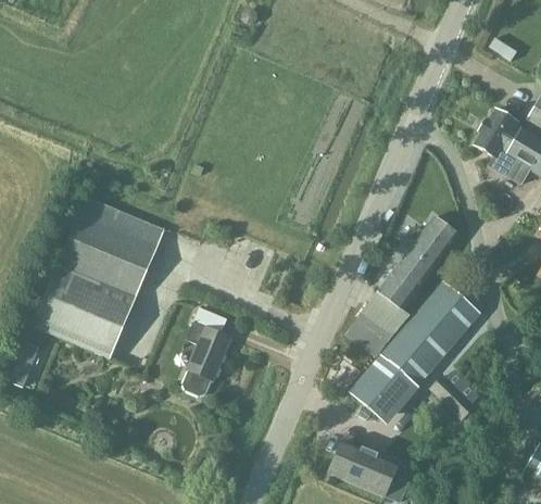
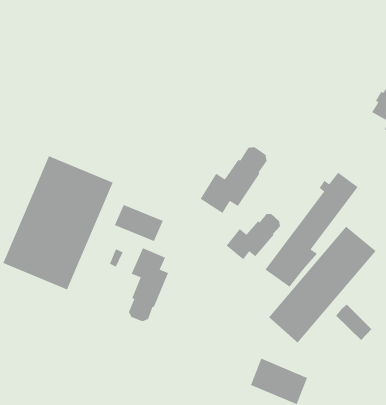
building: none -> [200,146,267,214]
building: none -> [114,204,164,242]
building: none -> [226,213,280,260]

